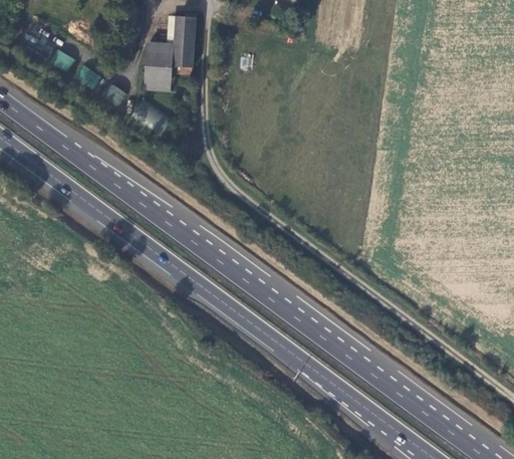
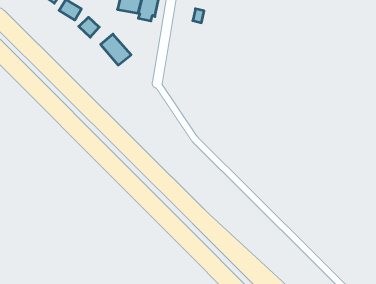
building: [144,66,172,90] -> none

